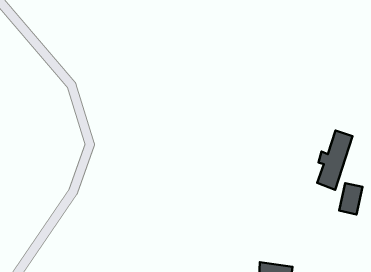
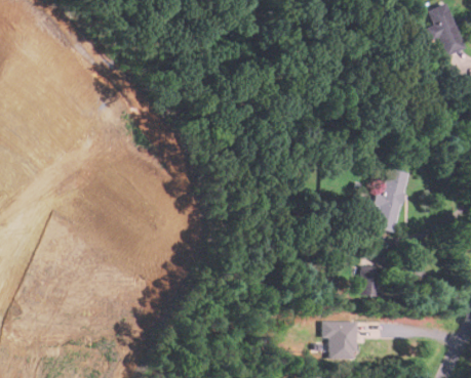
building: [339,183,363,214] -> [359,265,382,298]

